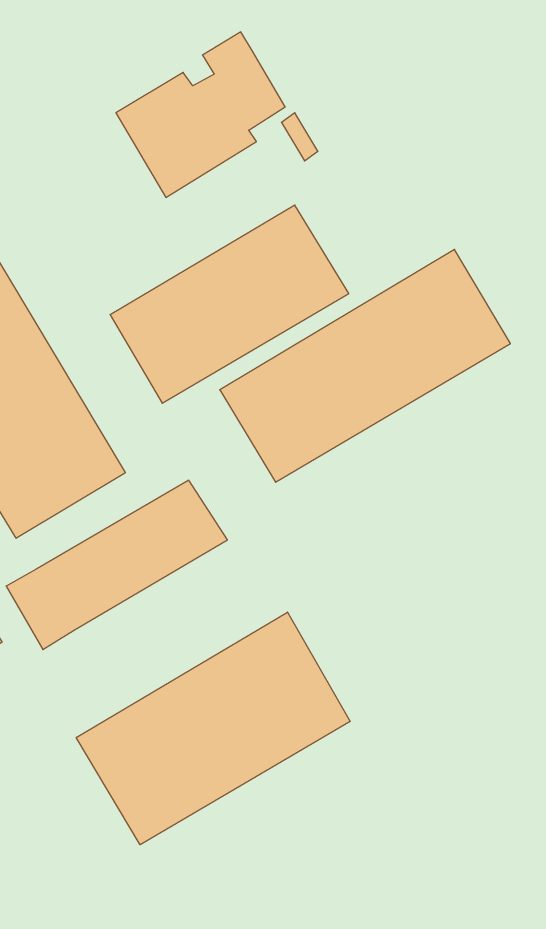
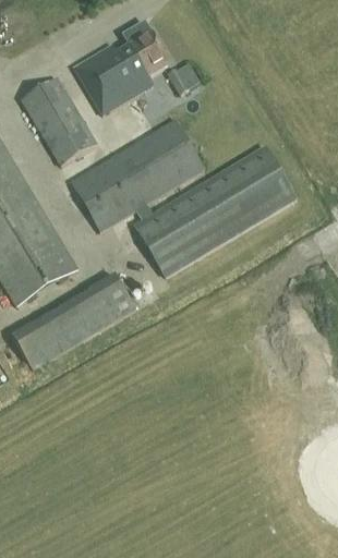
building: none -> [21,77,98,166]
building: [76,612,350,845] -> none

